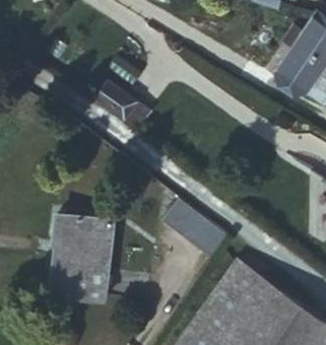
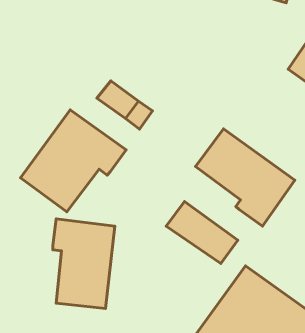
building: none -> [21,110,126,212]
building: none -> [196,129,295,226]

